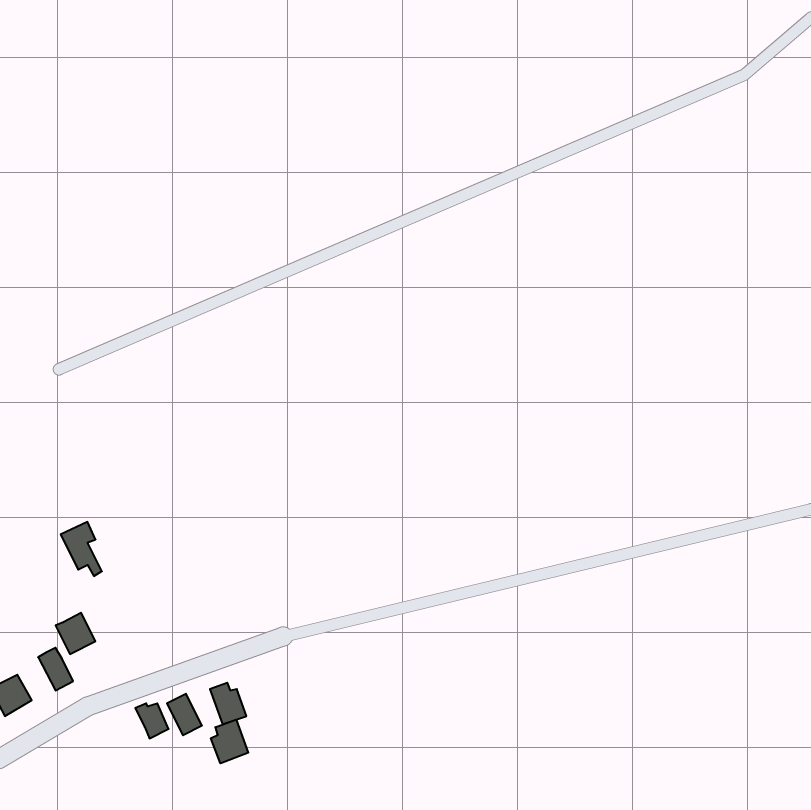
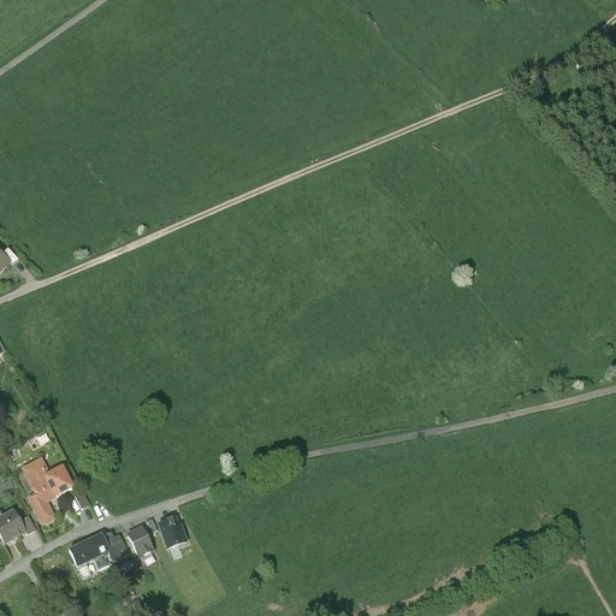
building: [61,522,102,576] -> [22,457,53,498]
building: none -> [69,532,109,564]
building: [211,720,248,763] -> none

